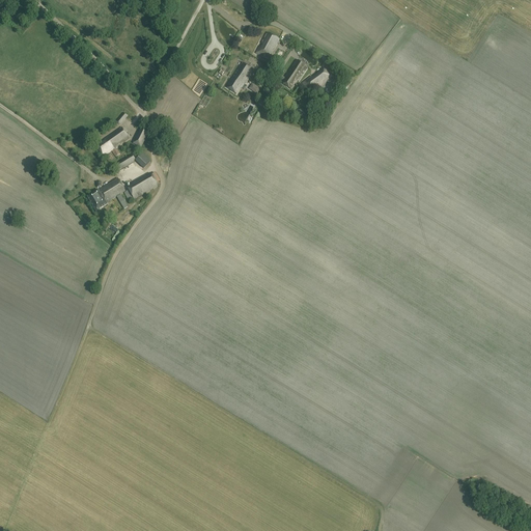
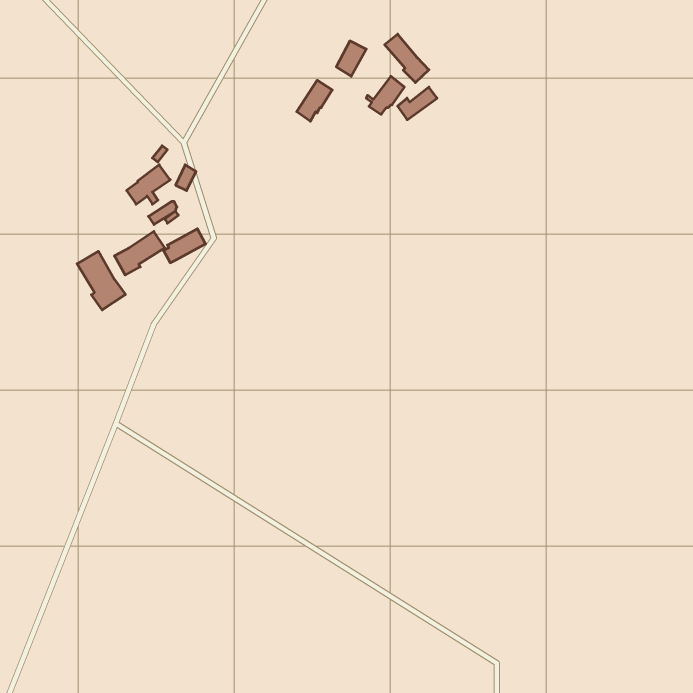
building: none -> [385,34,429,83]
building: none -> [77,251,125,310]

